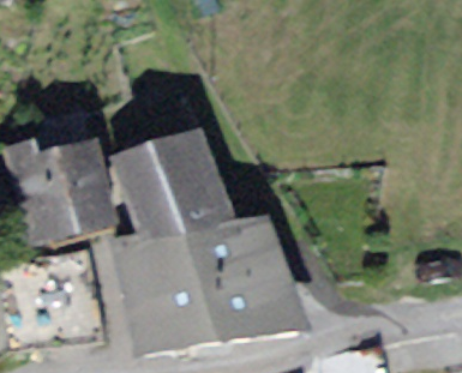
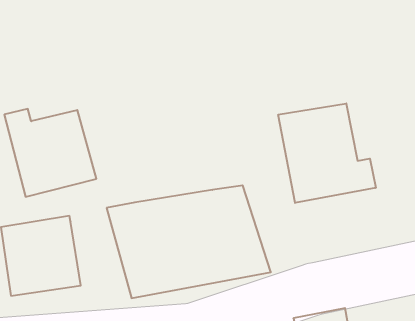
building: [118,134,233,242] -> none
building: none -> [278,103,376,203]

